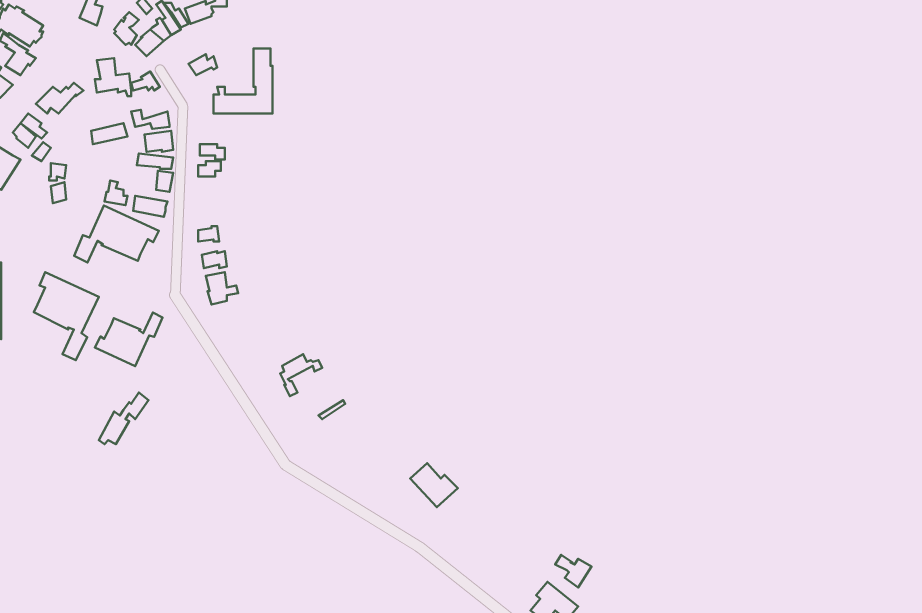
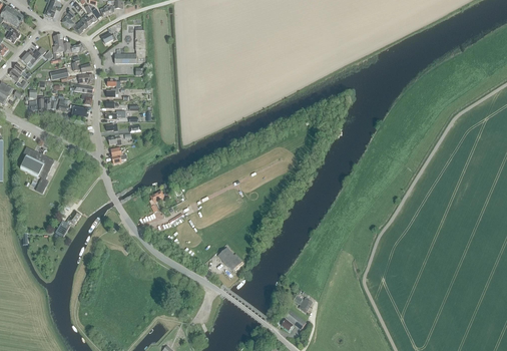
building: [74,205,159,263] -> none
building: [95,312,163,366] -> none

